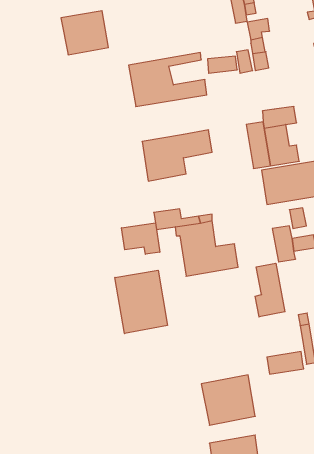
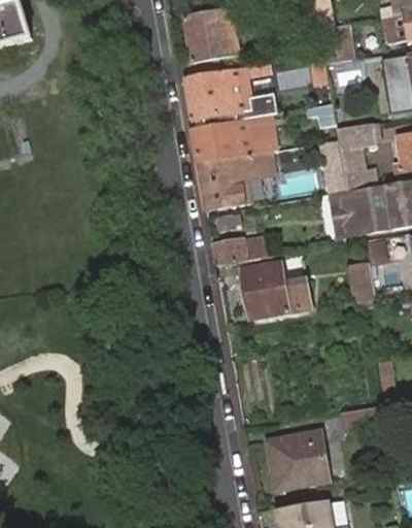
building: [61,11,108,55] -> [183,9,238,60]
building: none -> [192,113,278,163]
building: [122,223,160,254] -> none
building: [255,263,285,317] -> none
building: [115,270,167,334] -> none

